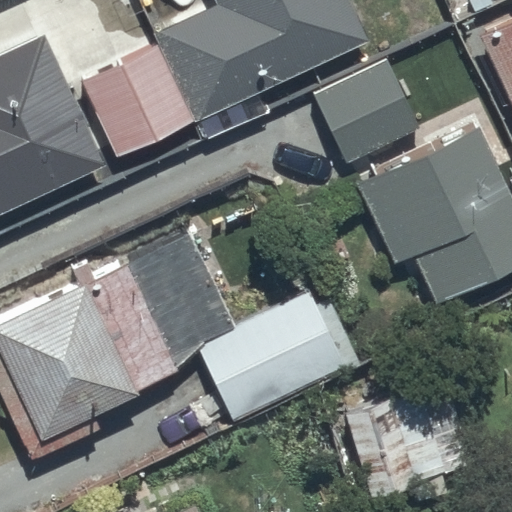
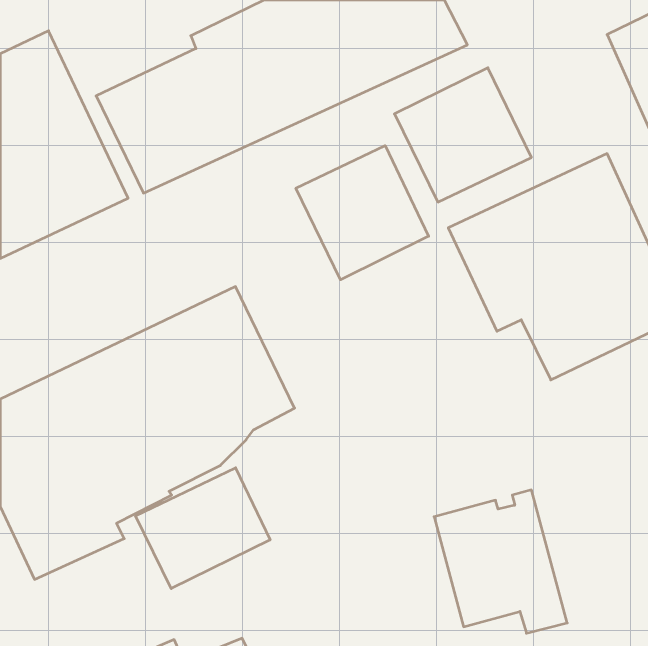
building: none -> [296,146,429,280]
building: [197,290,360,425] -> none
building: none -> [136,468,270,589]

